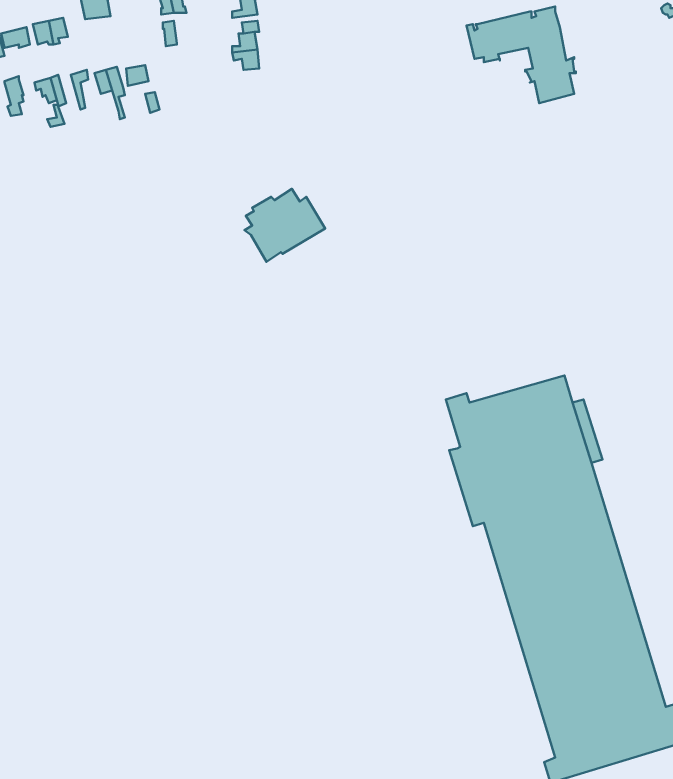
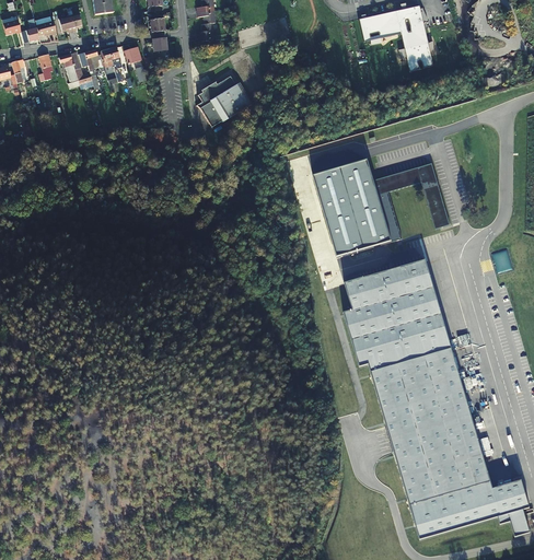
building: [244,189,325,262] -> [195,77,251,127]
building: none -> [310,156,444,254]

